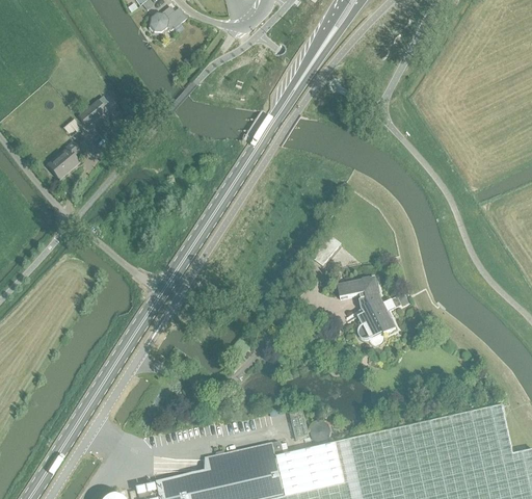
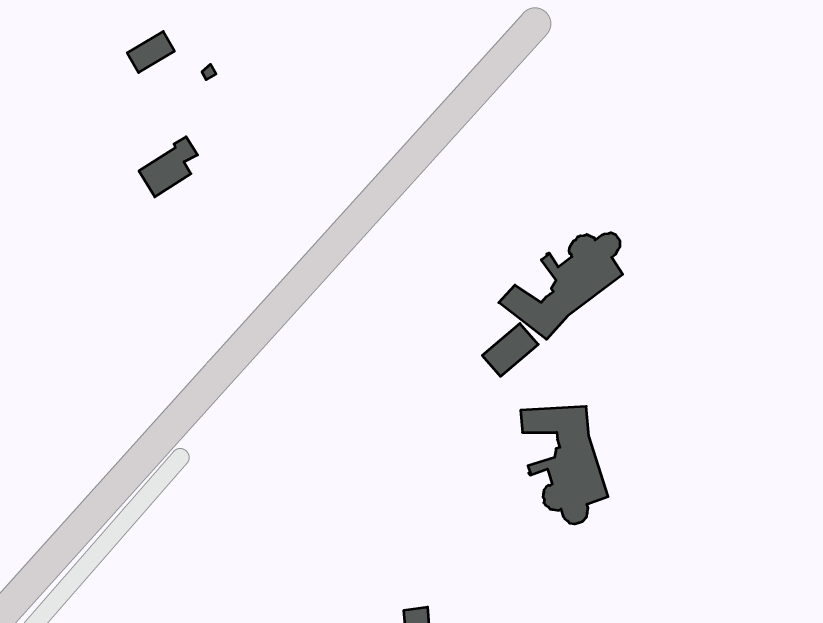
building: [48,141,80,179] -> [139,137,198,197]
building: none -> [499,233,623,339]

